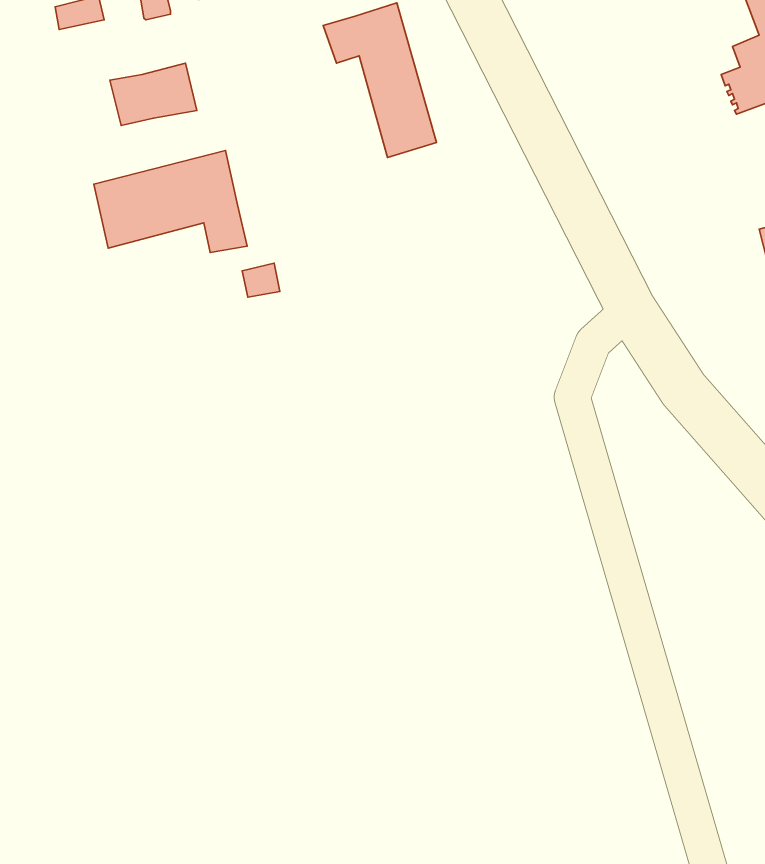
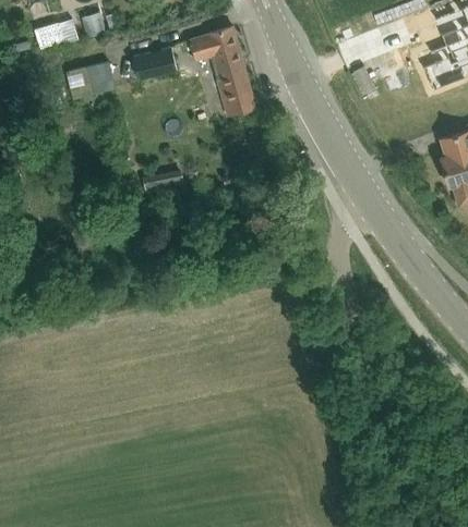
building: none -> [135,47,177,78]
building: [94,150,247,253] -> none

